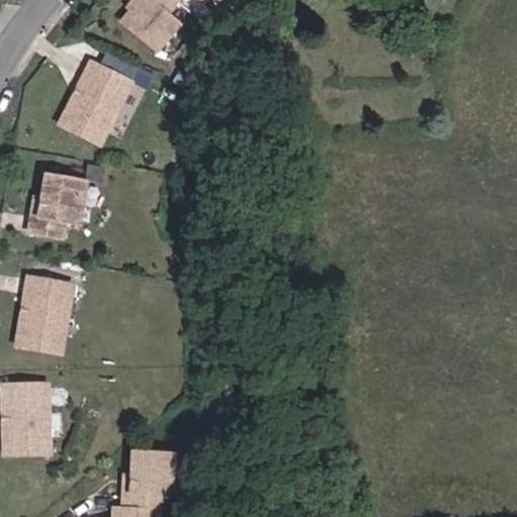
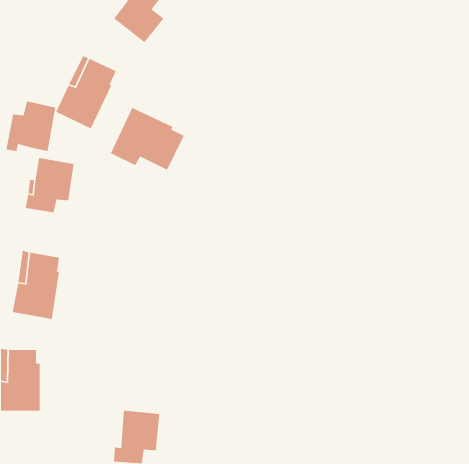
building: none -> [6,100,56,152]
building: none -> [110,107,185,171]

